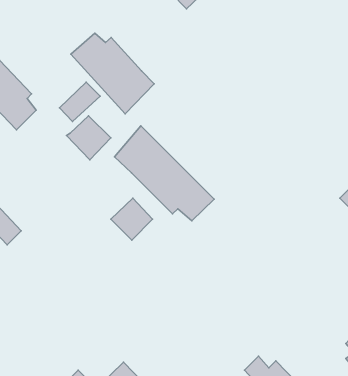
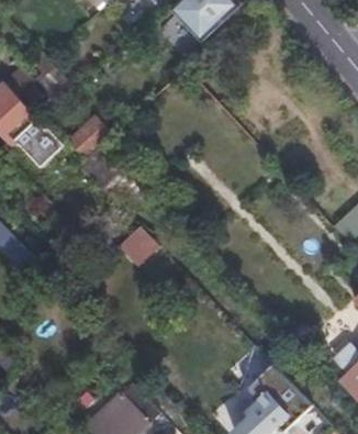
building: [71,33,154,114] -> none
building: [115,126,214,221] -> none

